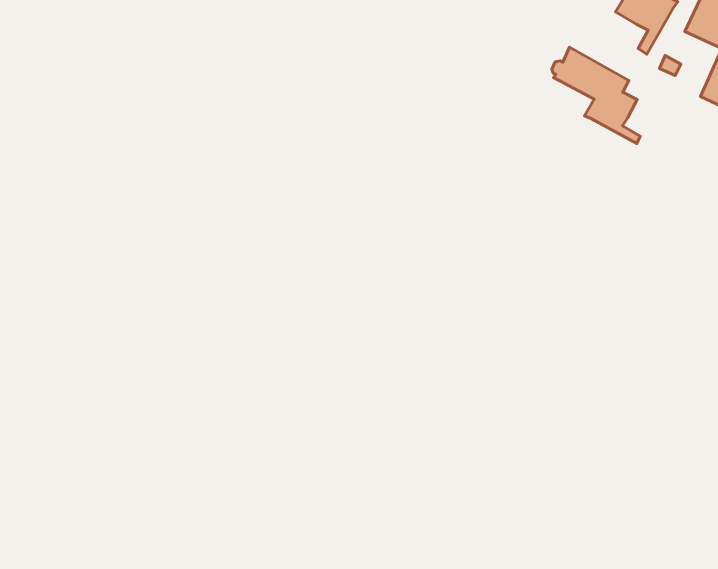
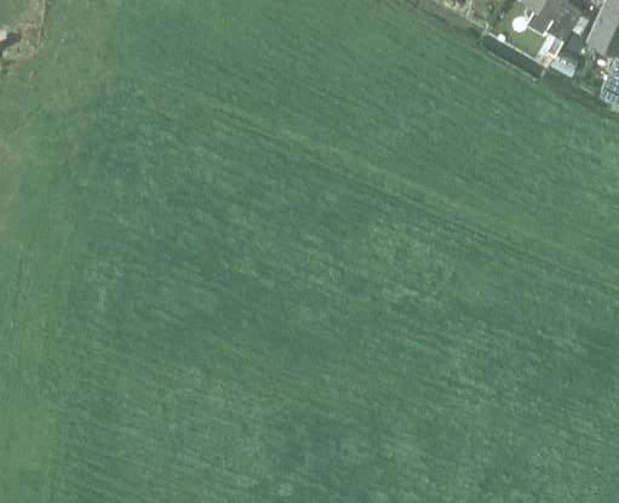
building: [552,47,640,144] -> none

